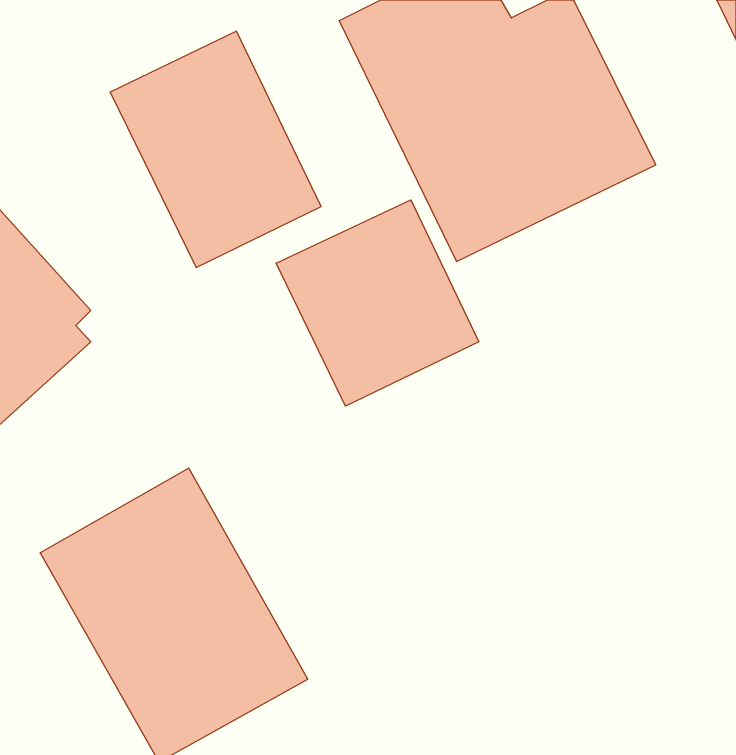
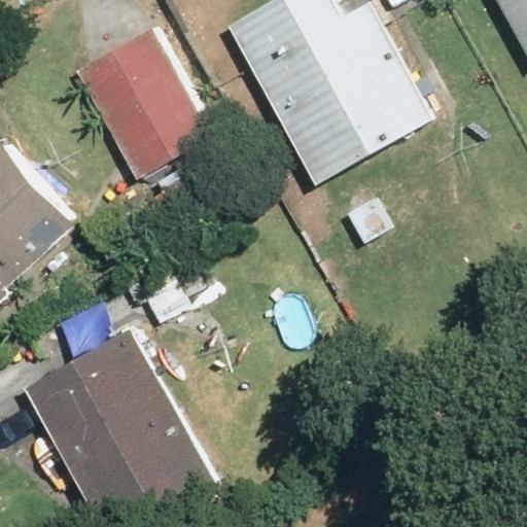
building: [276,200,479,406] -> none

